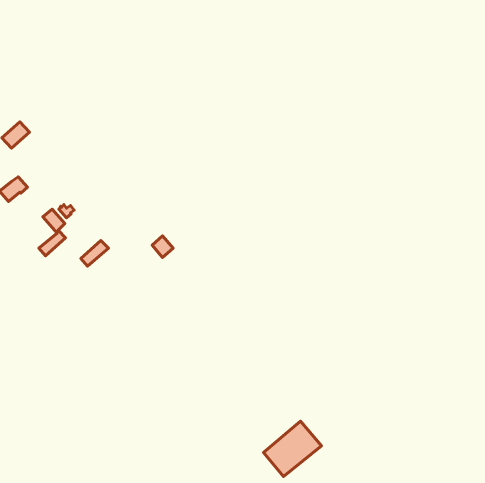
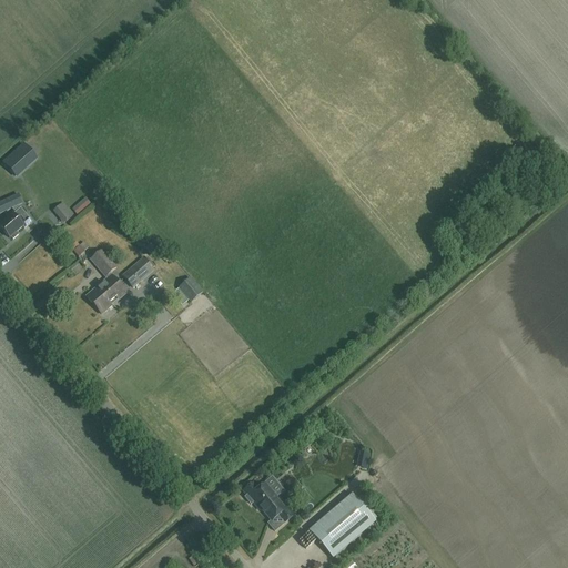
building: [39,209,66,256] -> [87,247,118,302]
building: none -> [122,253,156,285]
building: none -> [242,480,294,520]

